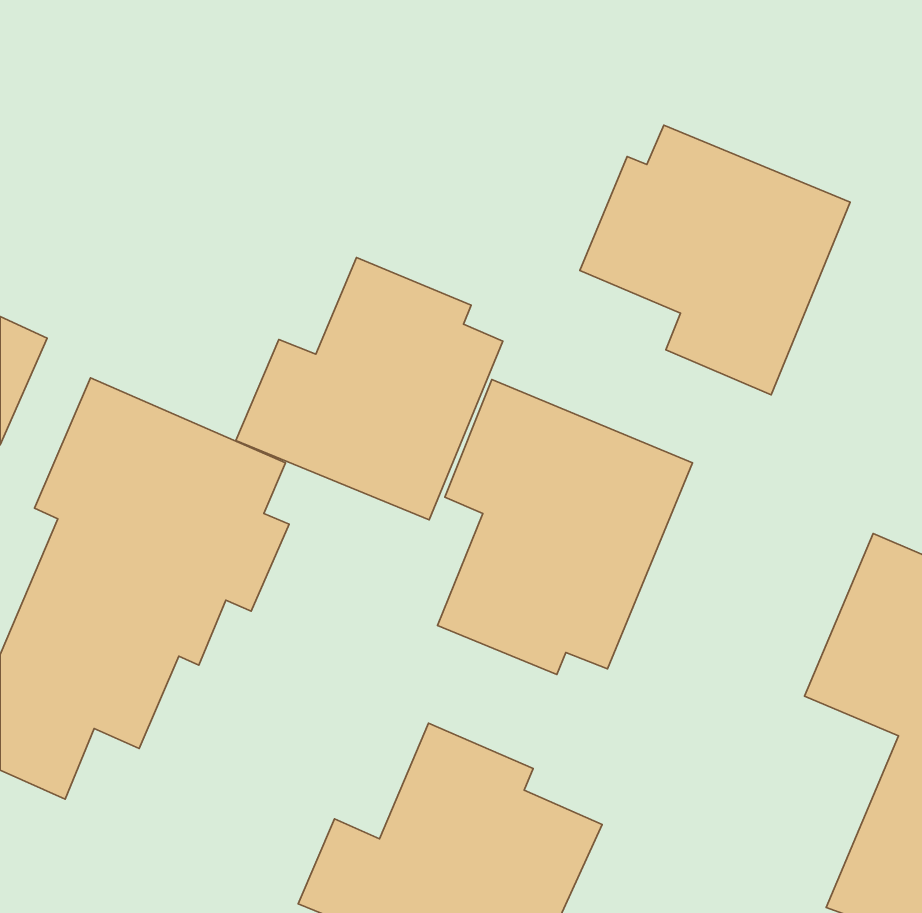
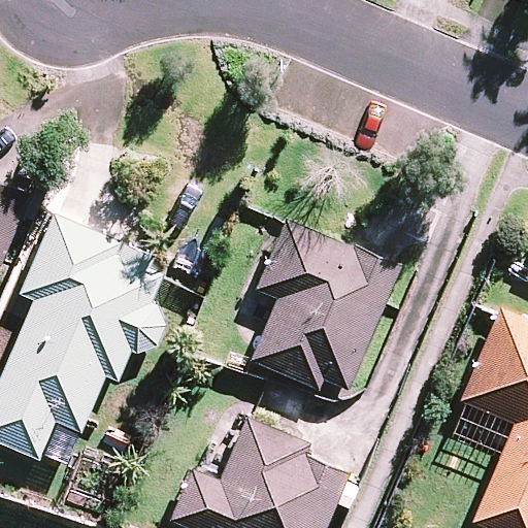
building: [580,125,850,395] -> none
building: [236,258,503,520] -> none

